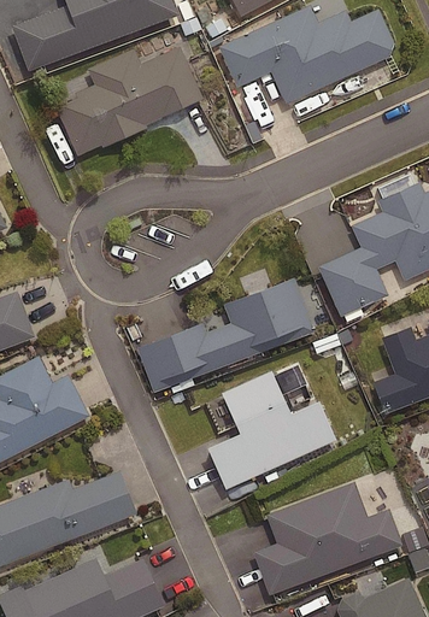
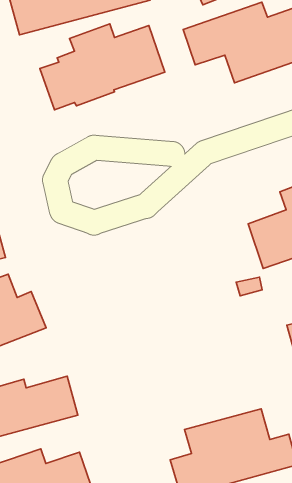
building: [137,280,313,393] -> none
building: [206,374,337,493] -> none

